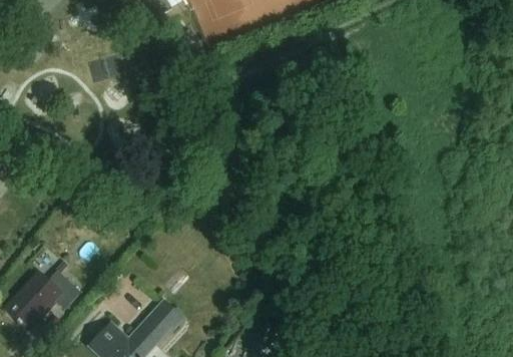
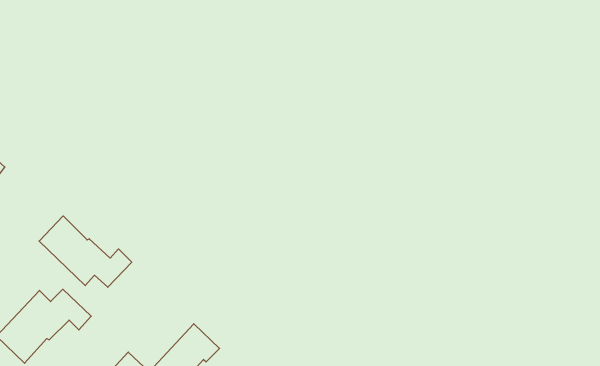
building: none -> [39,216,132,287]

